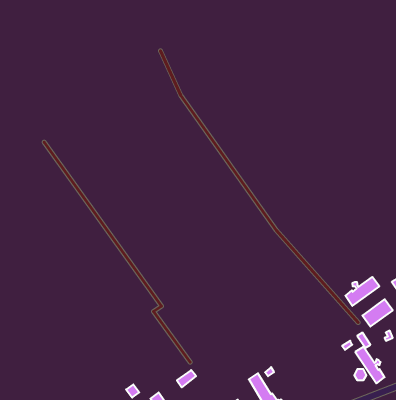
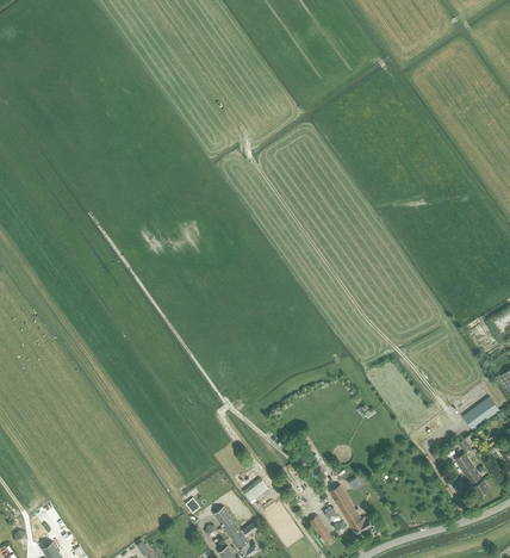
building: [345,277,379,306] -> none

